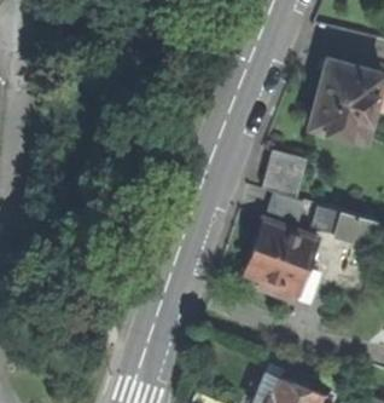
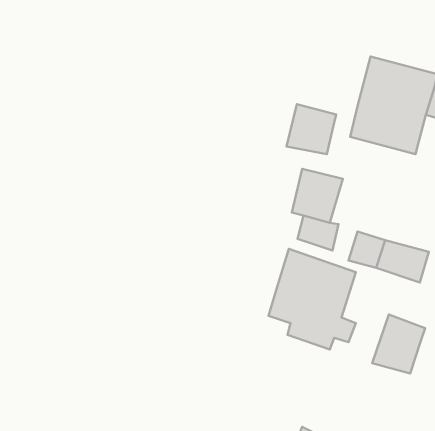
building: none -> [286,104,336,154]
building: none -> [372,315,425,373]

